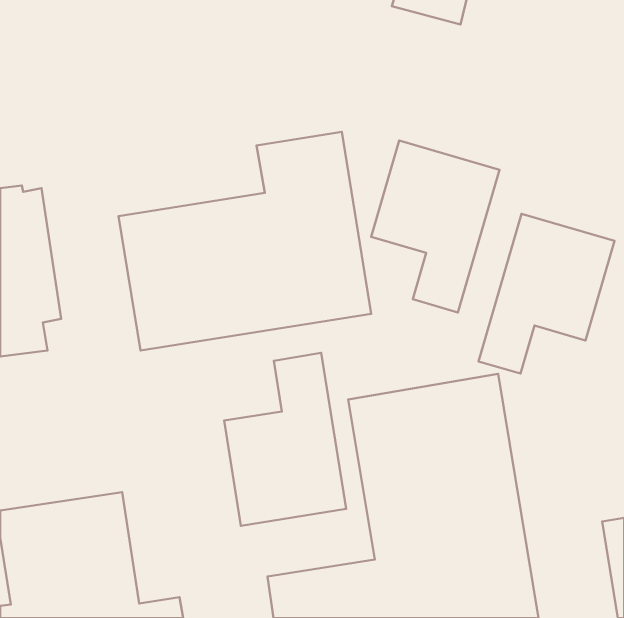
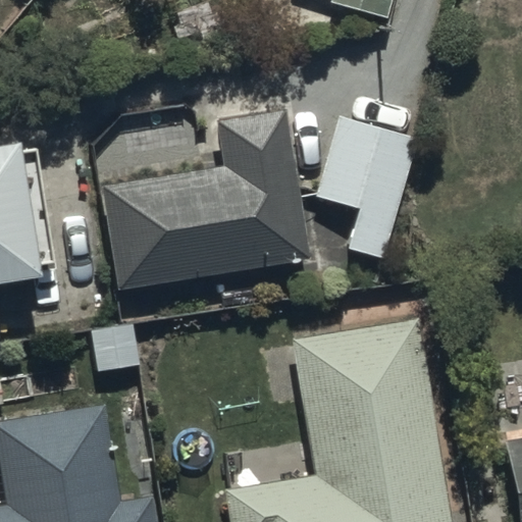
building: [478,214,614,373] -> none
building: [224,353,346,526] -> none

